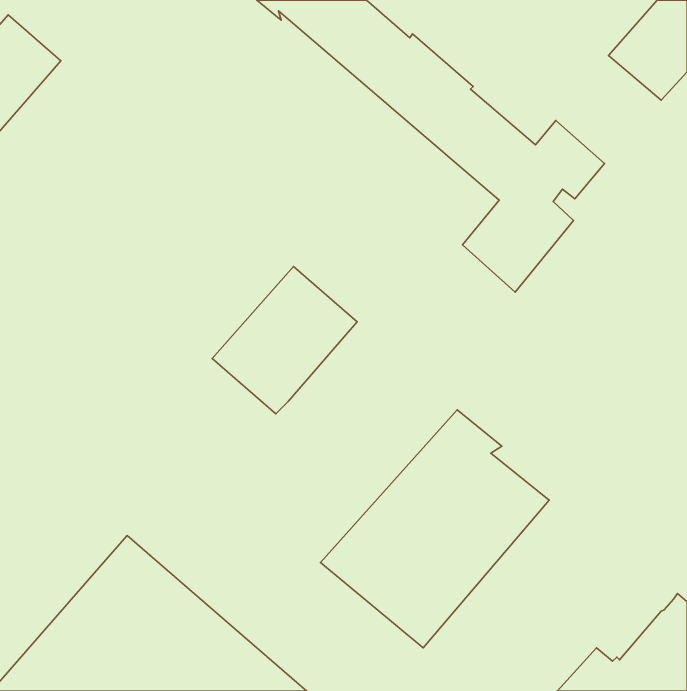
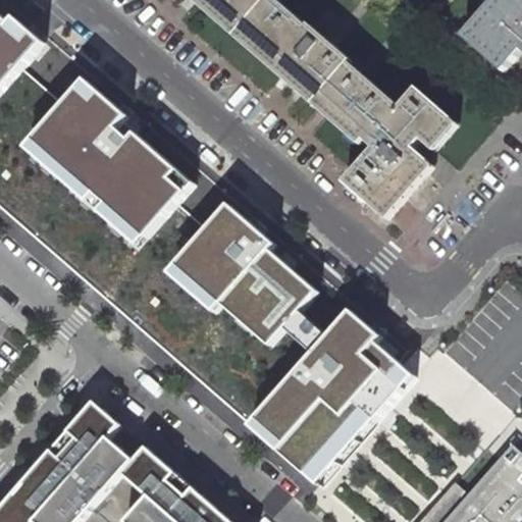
building: none -> [15,76,194,249]
building: none -> [217,249,318,348]

